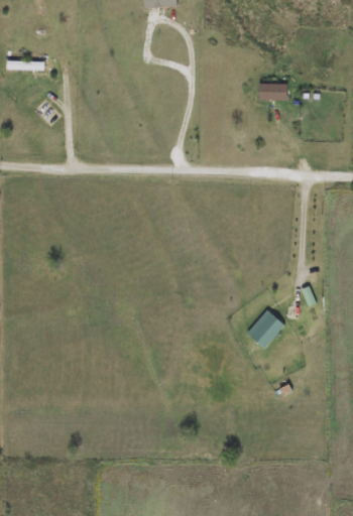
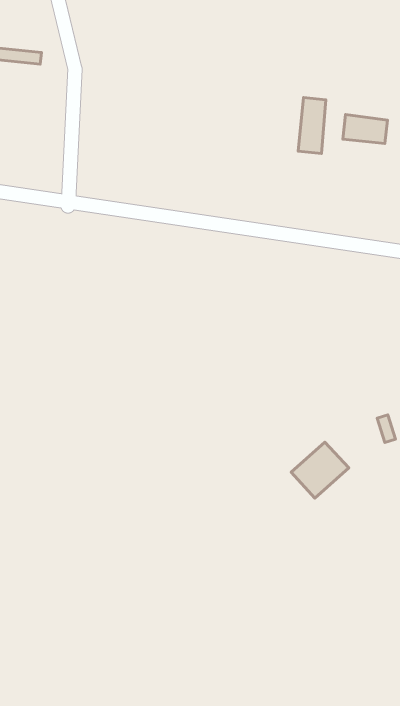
building: none -> [298,98,326,153]

